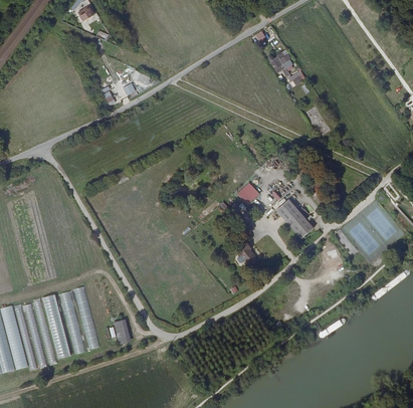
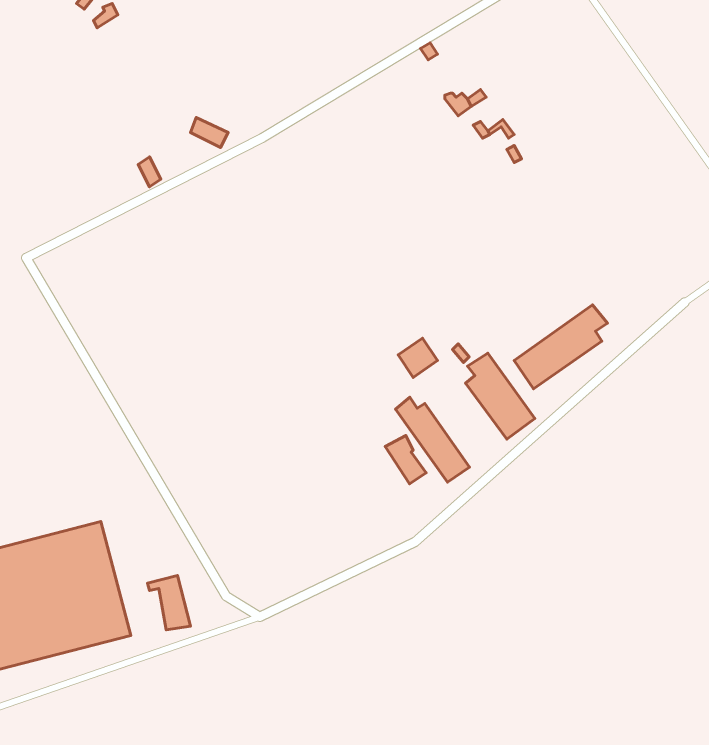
building: none -> [514,305,608,389]
building: none -> [395,397,469,482]

